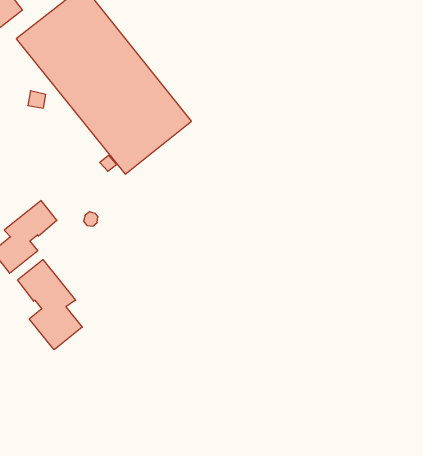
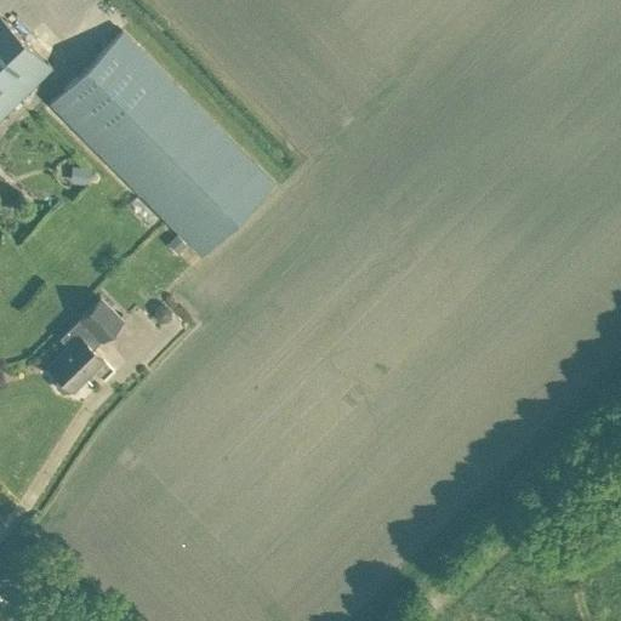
building: [18,260,82,350] -> none

